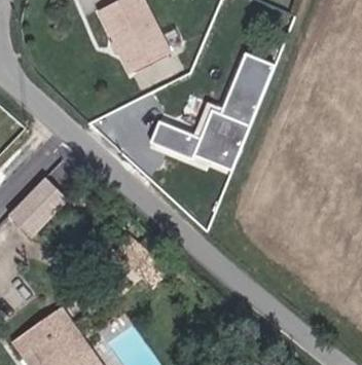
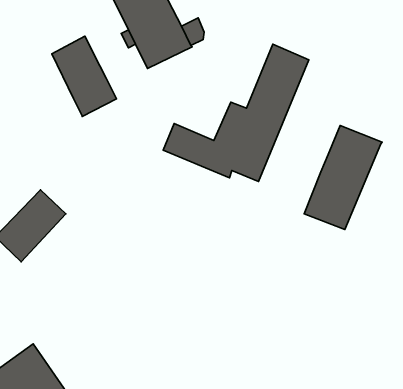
building: none -> [52,36,117,116]
building: none -> [304,126,382,229]

